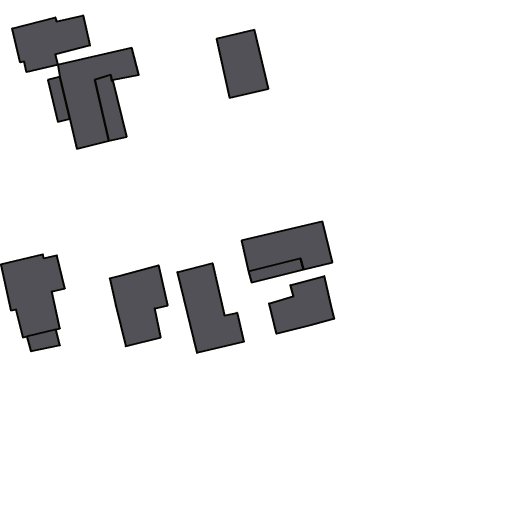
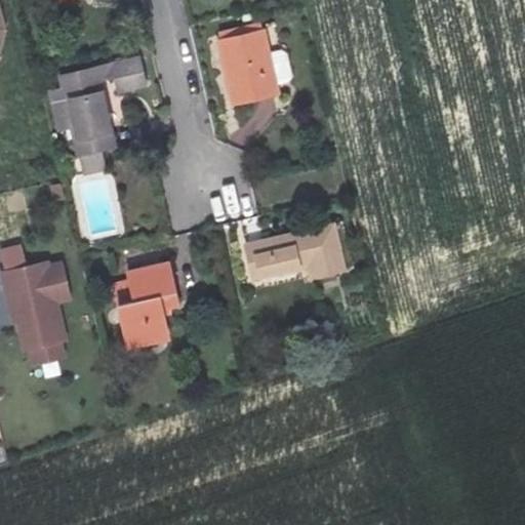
building: [12,15,90,72] -> none
building: [177,263,244,353] -> none
building: [269,276,334,334] -> none

